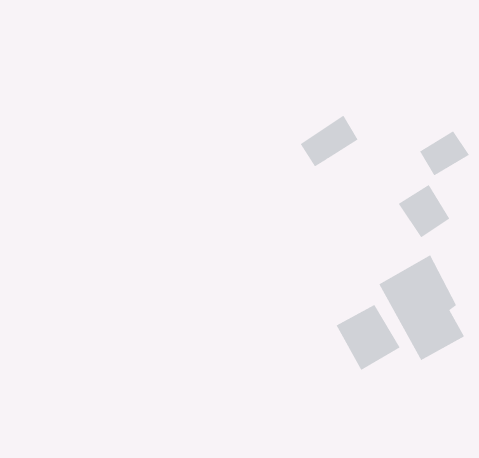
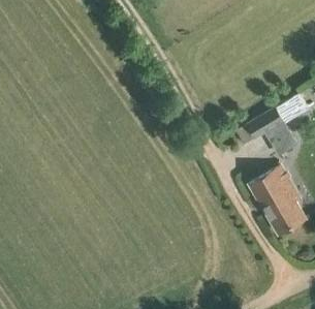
building: [300,115,359,167] -> [245,106,282,140]
building: [336,304,400,371] -> none

